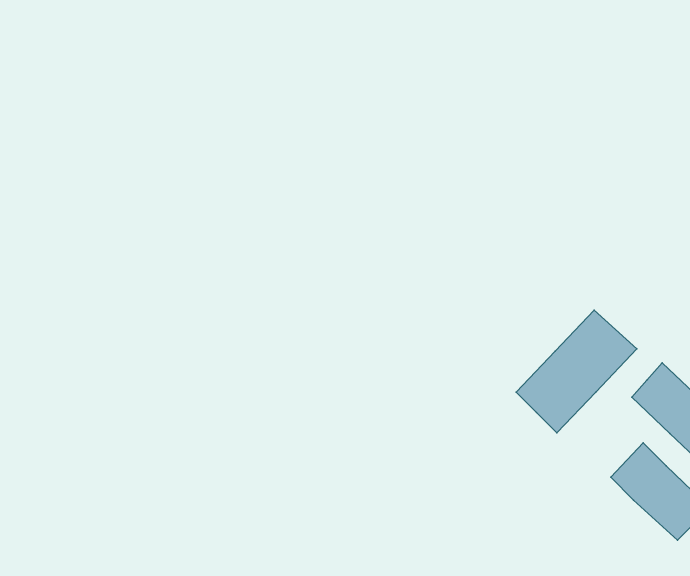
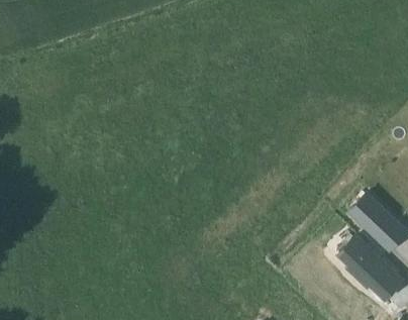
building: [516,310,637,433] -> none

